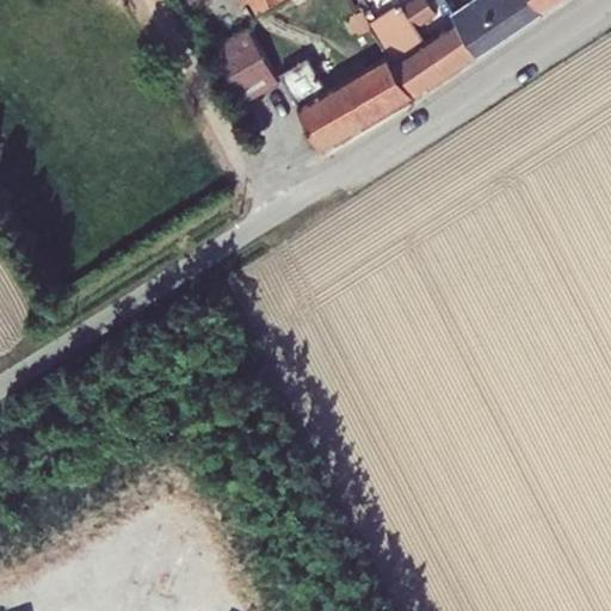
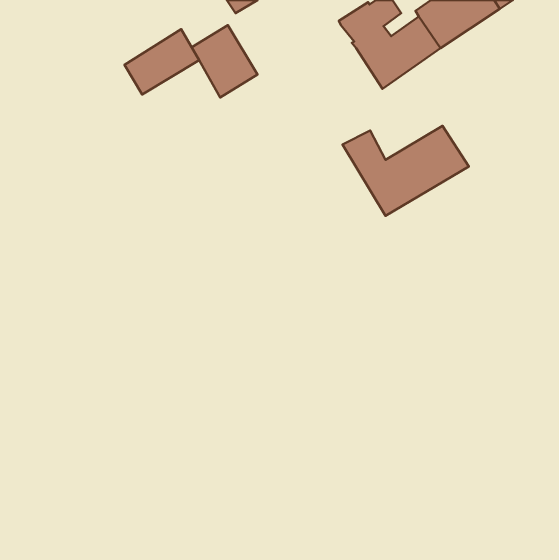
building: none -> [124,29,199,95]
building: [280,53,418,150] -> [343,126,469,216]

